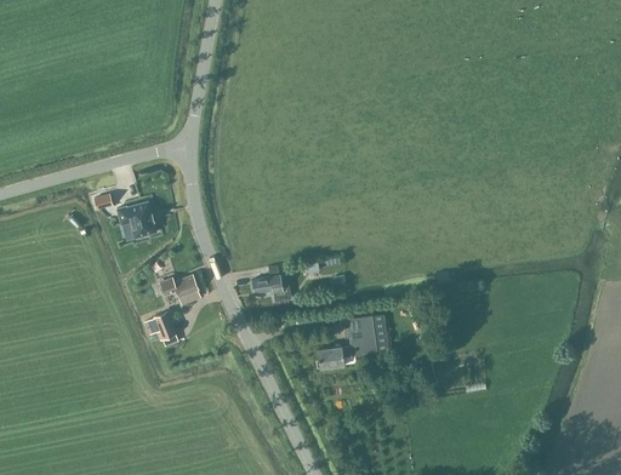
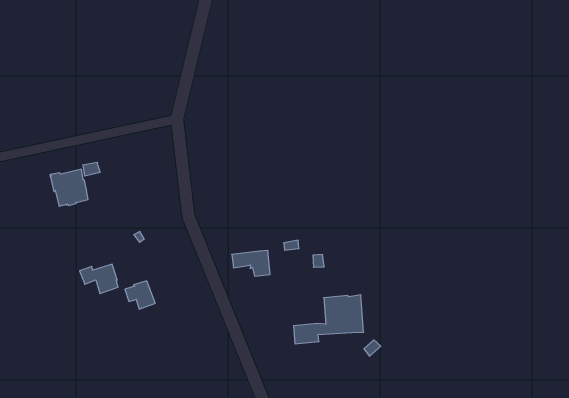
building: [116,201,156,240] -> [50,169,88,206]
building: [160,274,200,304] -> [80,264,118,293]

